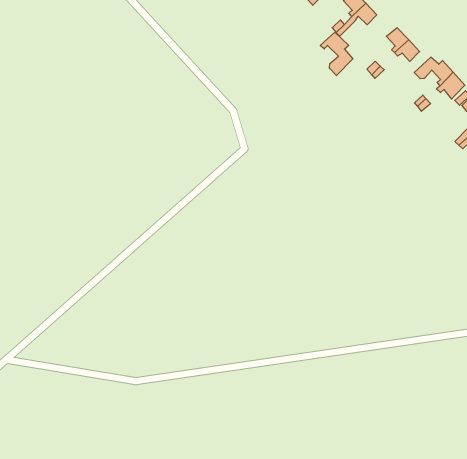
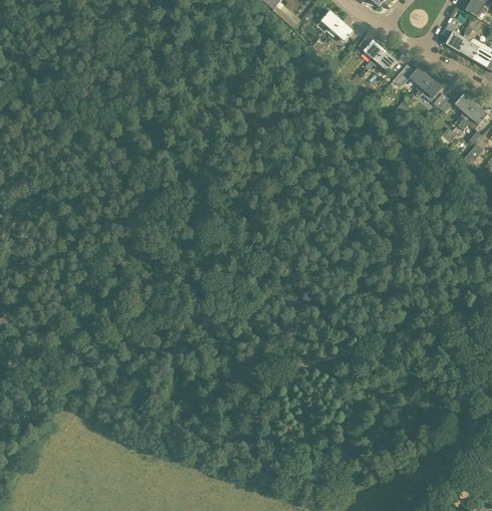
building: [320,32,353,76] -> none

